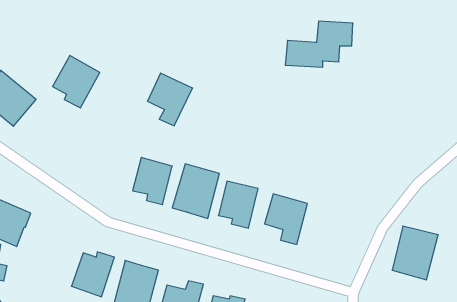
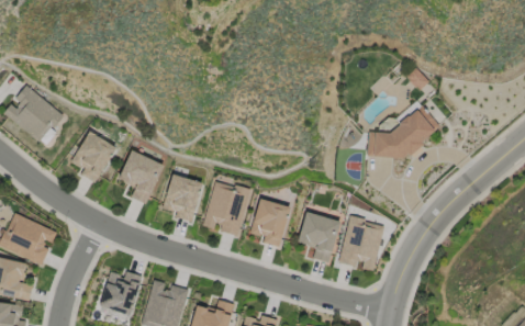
building: [285,21,353,67] -> [368,111,437,158]
building: [53,55,100,108] -> [69,128,118,182]
building: [147,73,193,126] -> [120,149,166,203]
building: [392,226,438,280] -> [339,216,387,271]

